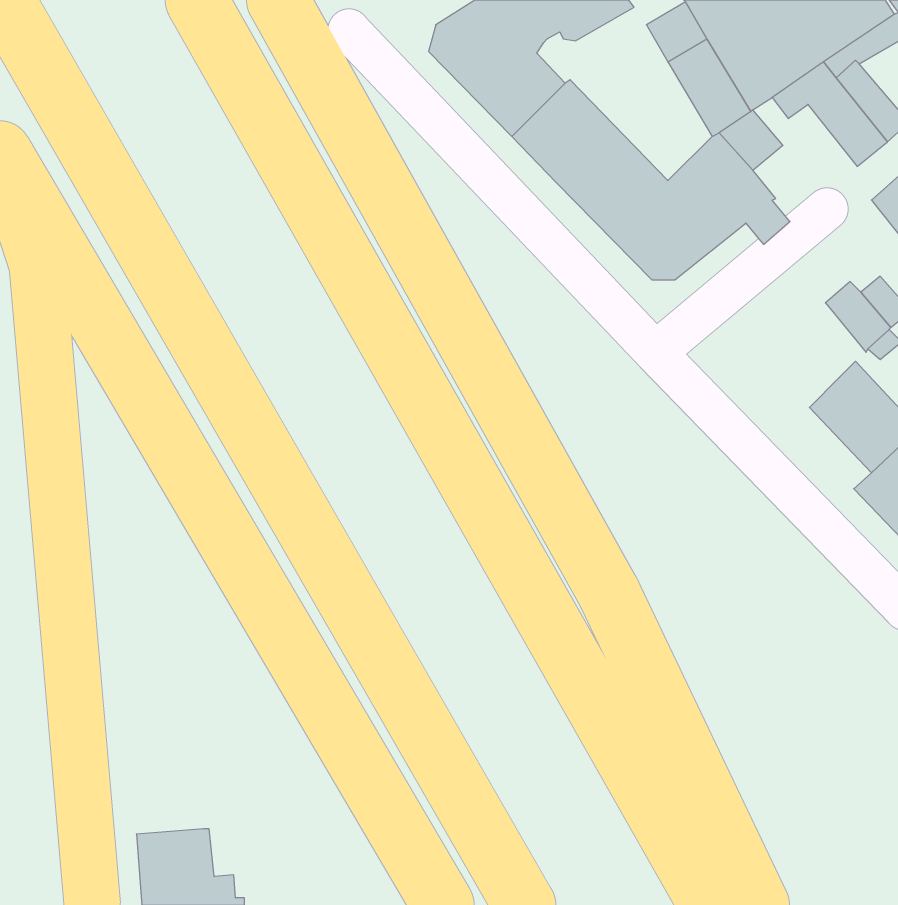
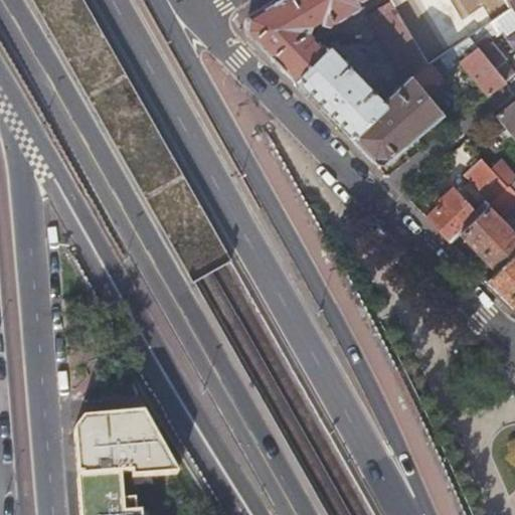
building: none -> [427,186,481,240]
building: none -> [78,412,175,474]

